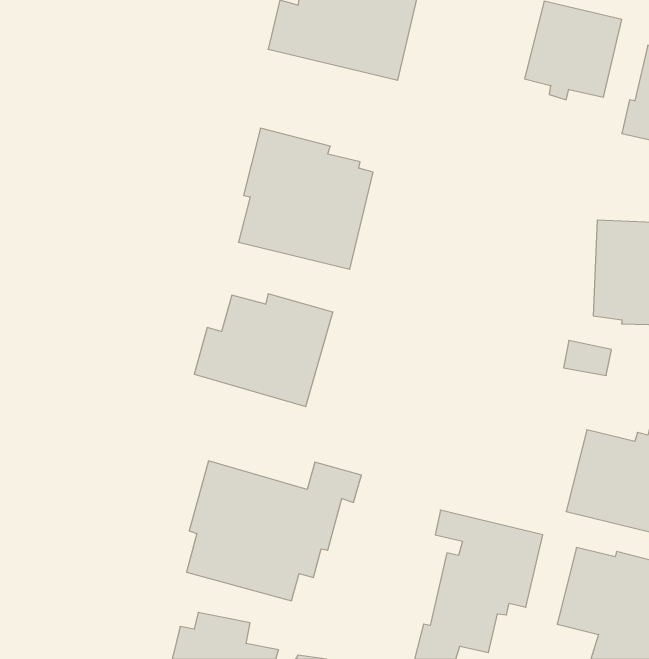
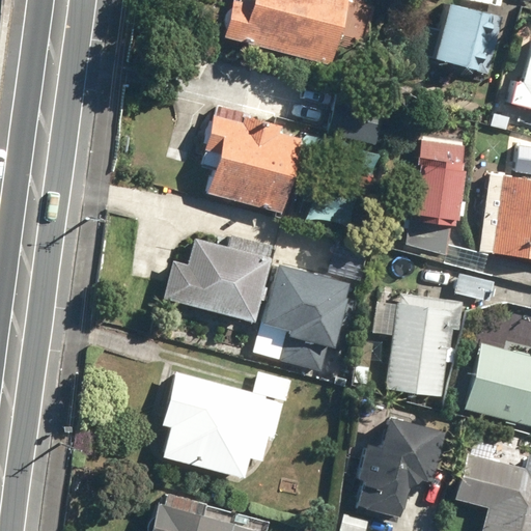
building: none -> [411,128,467,224]
building: none -> [255,268,362,357]
building: none -> [375,280,465,396]

